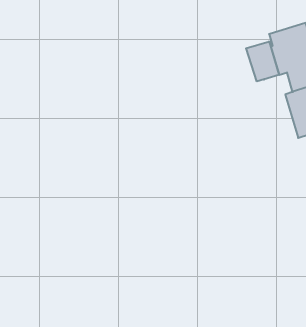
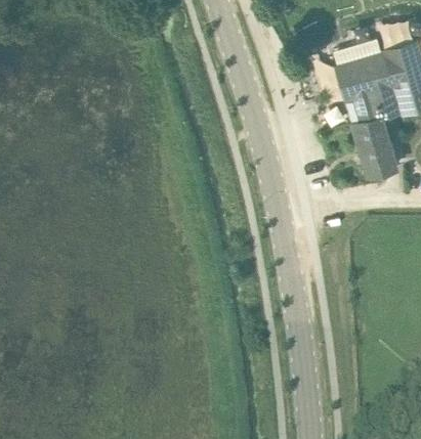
building: [246,41,279,81] -> none

